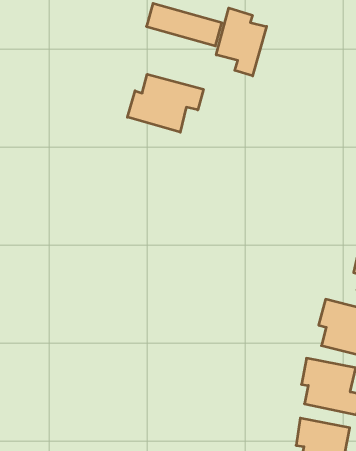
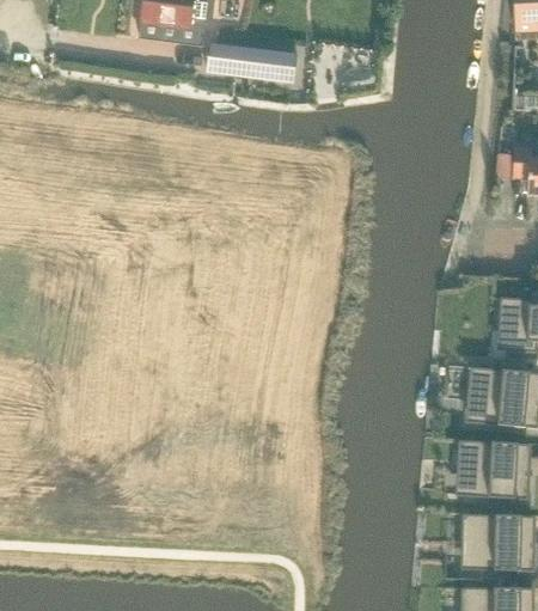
building: [216,8,267,76] -> none
building: [127,74,203,132] -> none

